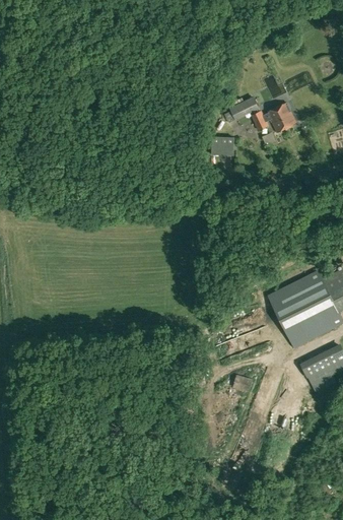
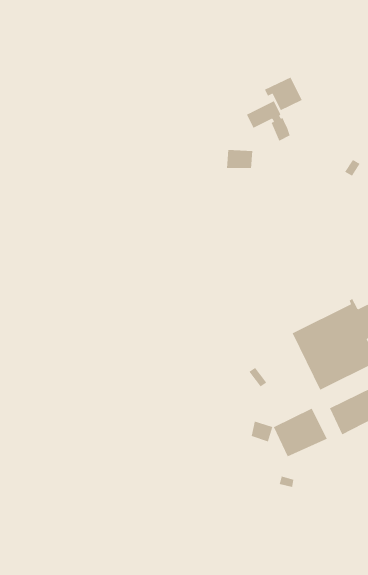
building: [263,103,296,132] -> [264,77,303,111]
building: none -> [273,408,327,457]

